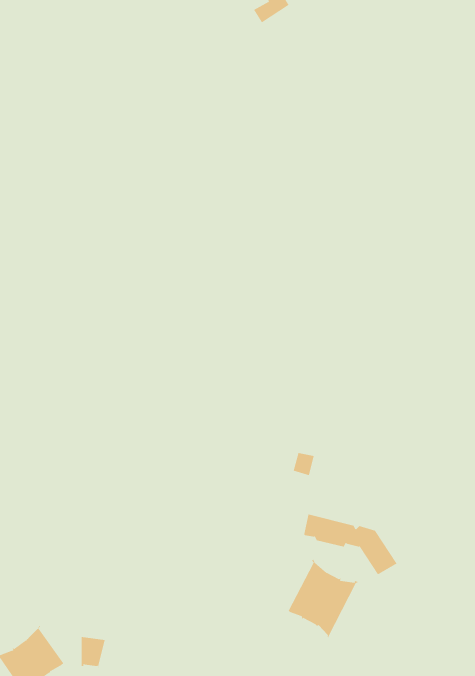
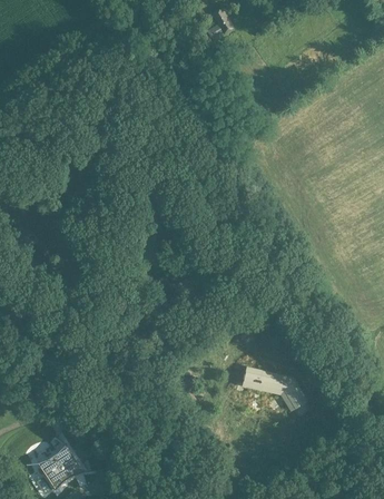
building: [288,558,358,639] -> none

